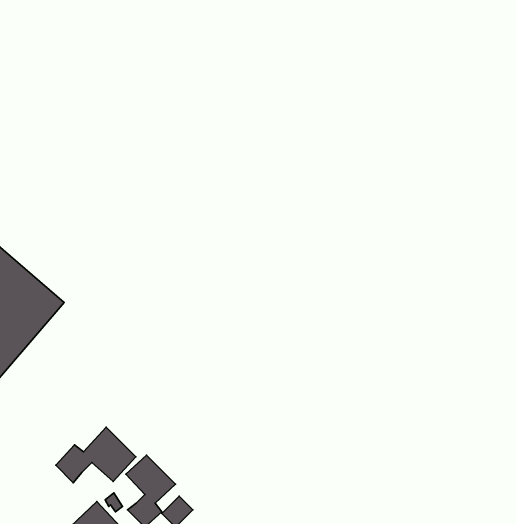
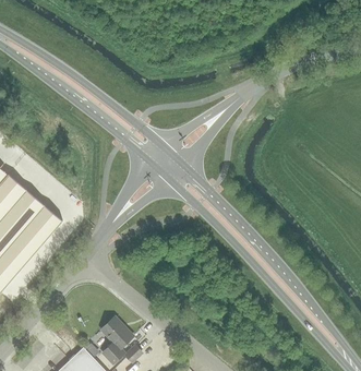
building: [56,427,136,483] -> none

